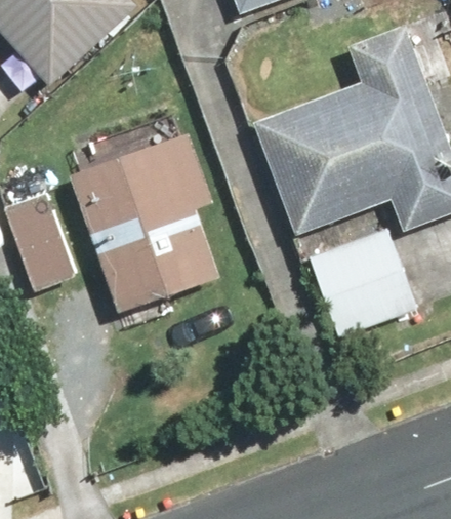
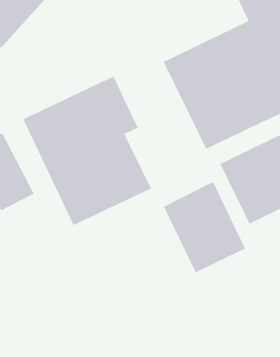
building: none -> [163,181,246,273]

